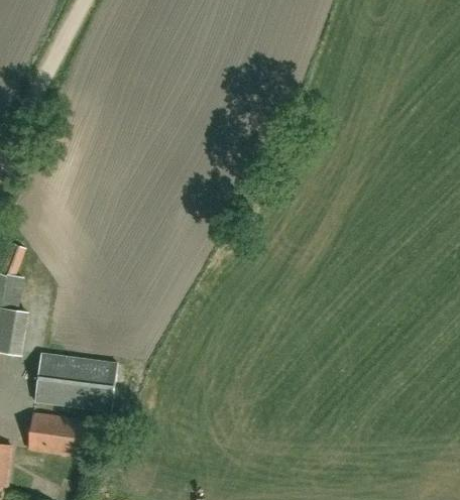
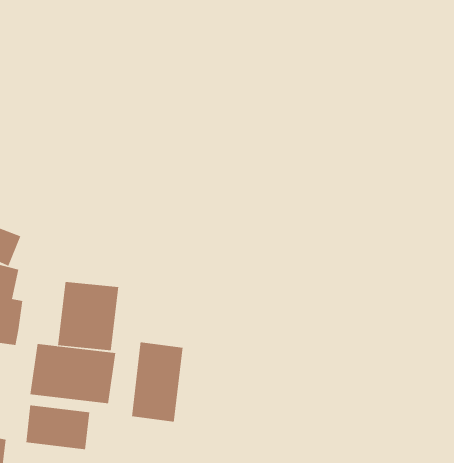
building: none -> [58,281,119,351]
building: none -> [131,342,183,422]

